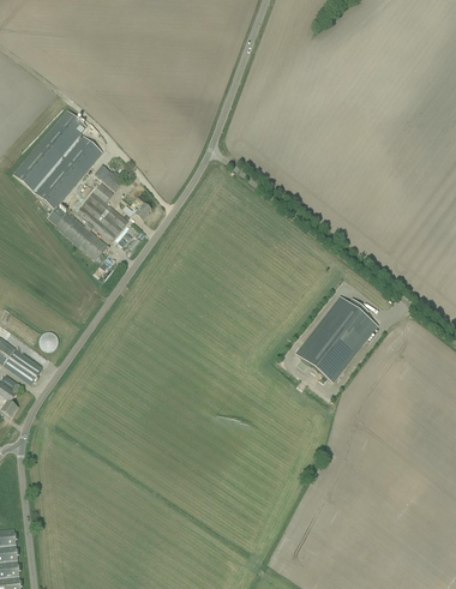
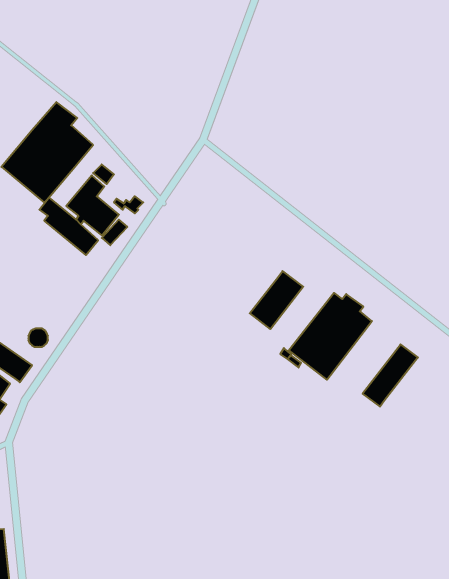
building: none -> [250,271,303,329]
building: none -> [363,344,418,407]

